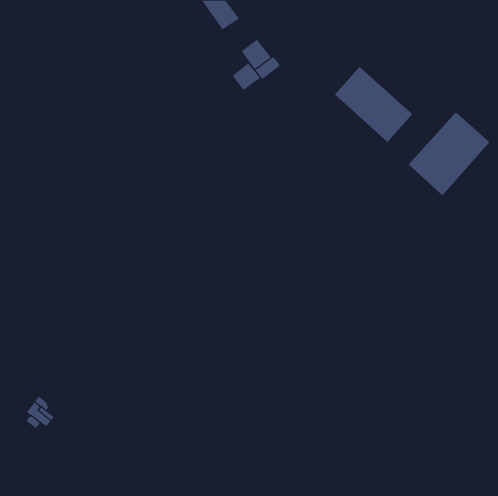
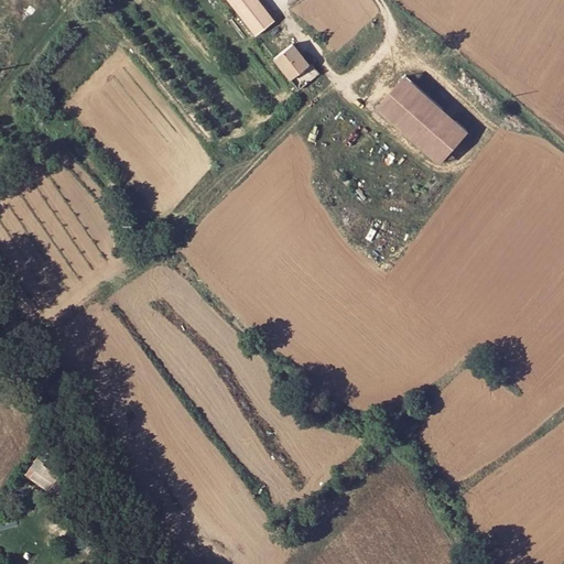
building: [232,63,261,91] -> none
building: [408,112,490,196] -> none

